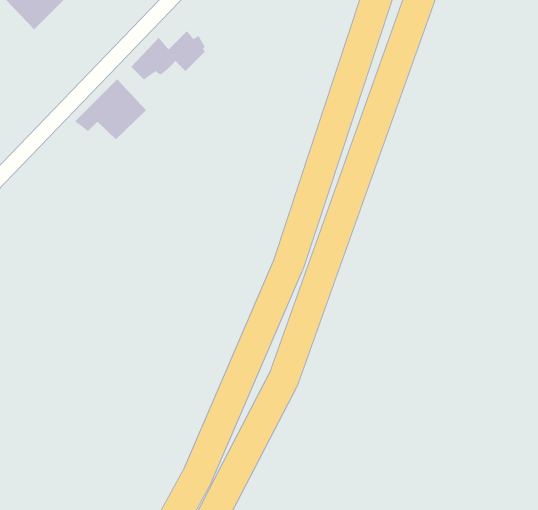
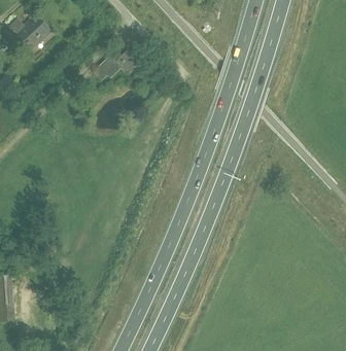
building: [74,79,147,140] -> none

